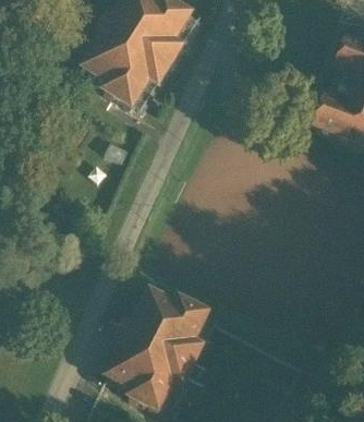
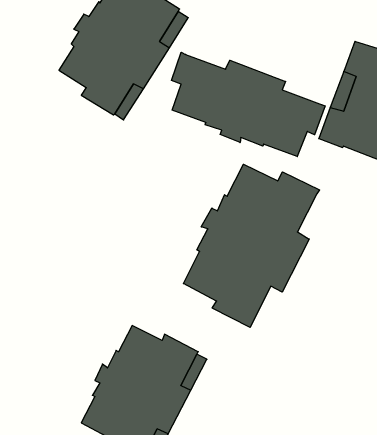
building: none -> [172,52,325,157]
building: none -> [183,164,320,327]

